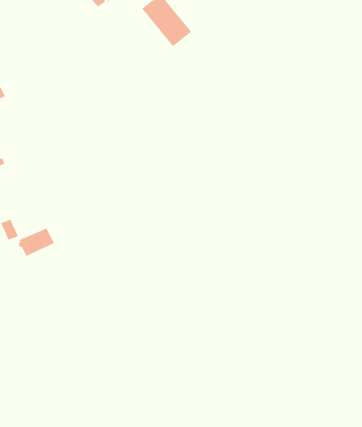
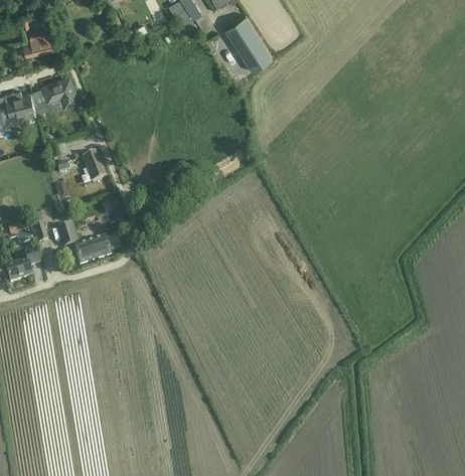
building: none -> [82,150,106,181]

